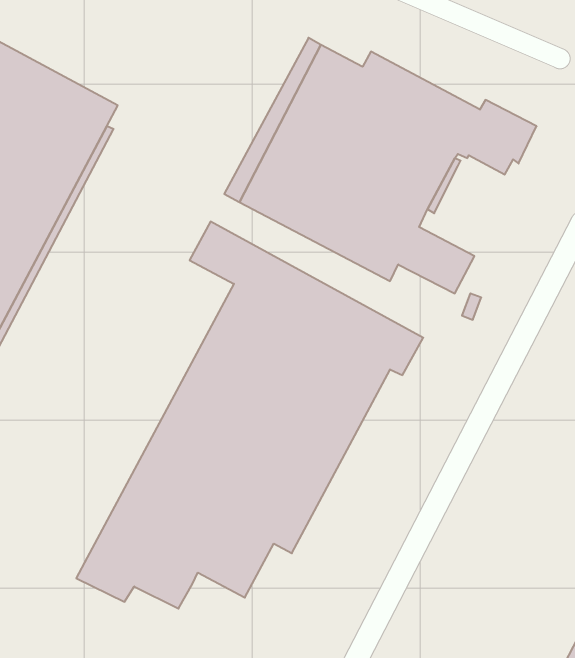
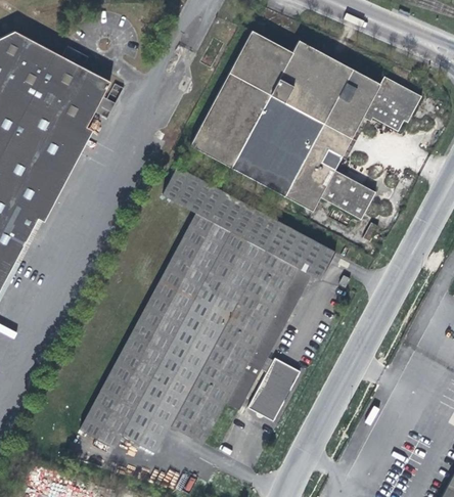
building: none -> [247,359,298,422]

